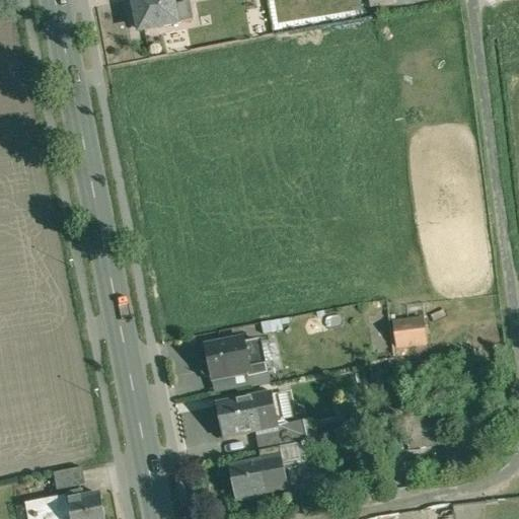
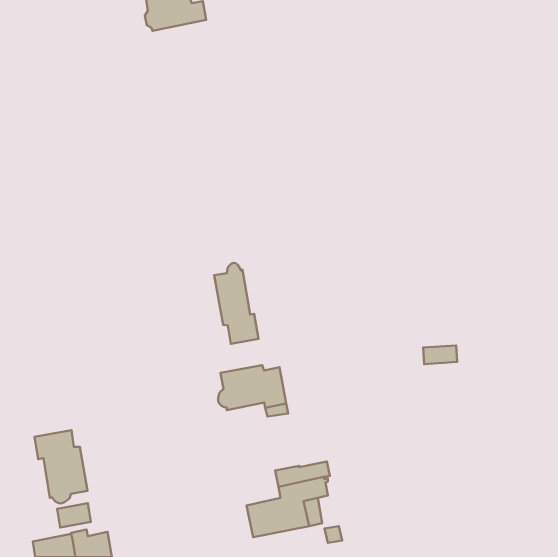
building: none -> [214,263,258,344]
building: [215,393,276,437] -> none
building: none -> [35,430,88,503]

